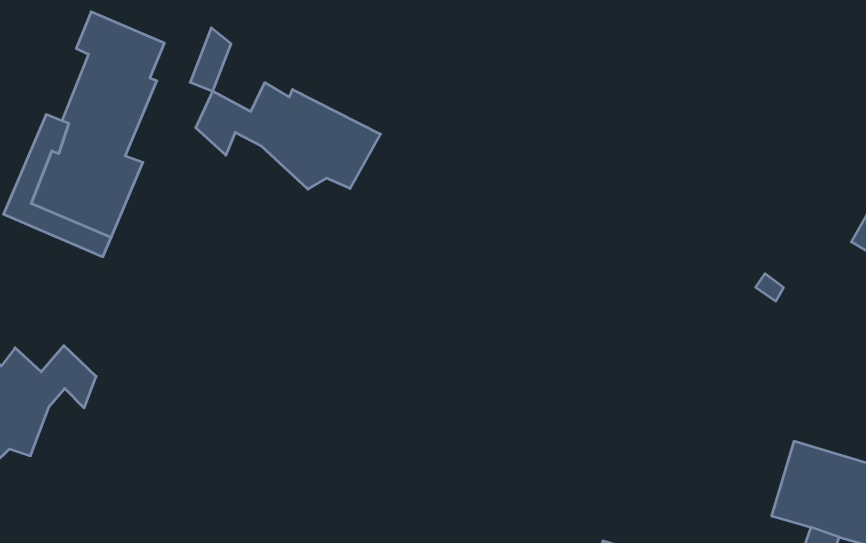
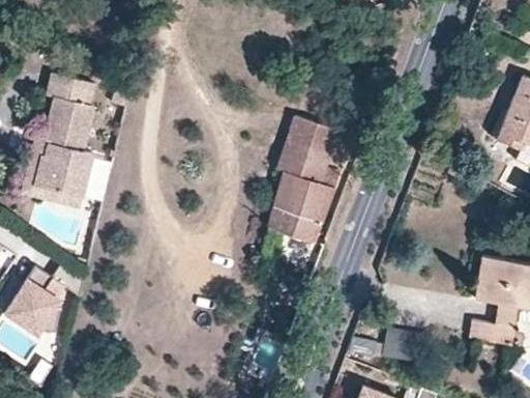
building: [196,83,381,189] -> none
building: none -> [266,114,340,243]

